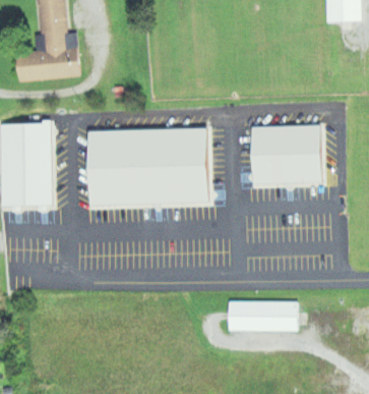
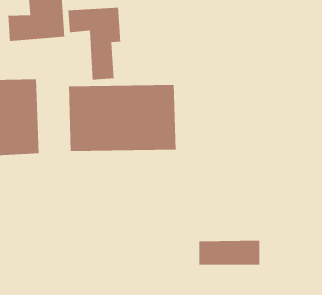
building: none -> [68,7,121,80]
building: [249,125,320,184] -> none

